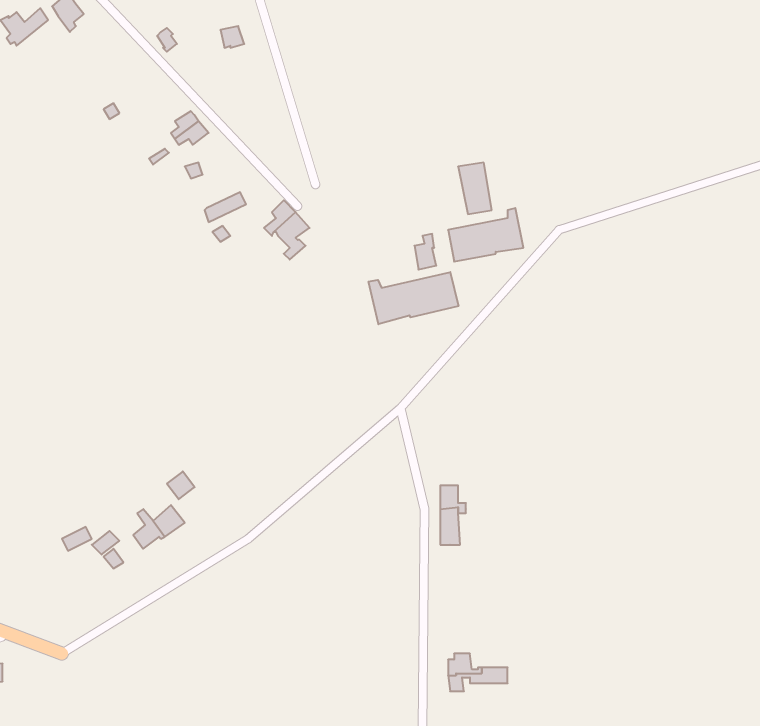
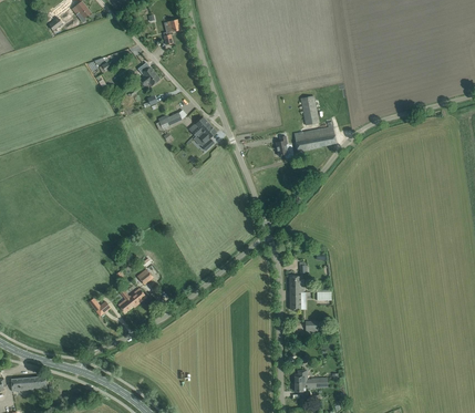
building: [369,272,458,324] -> none

